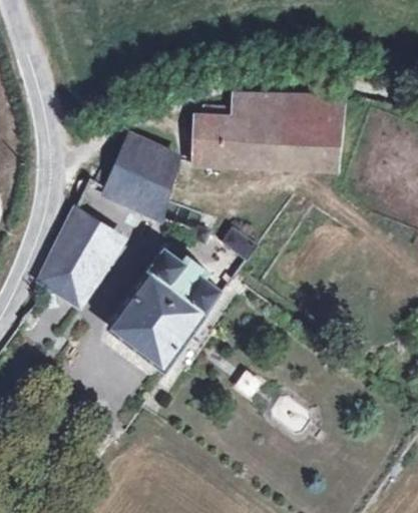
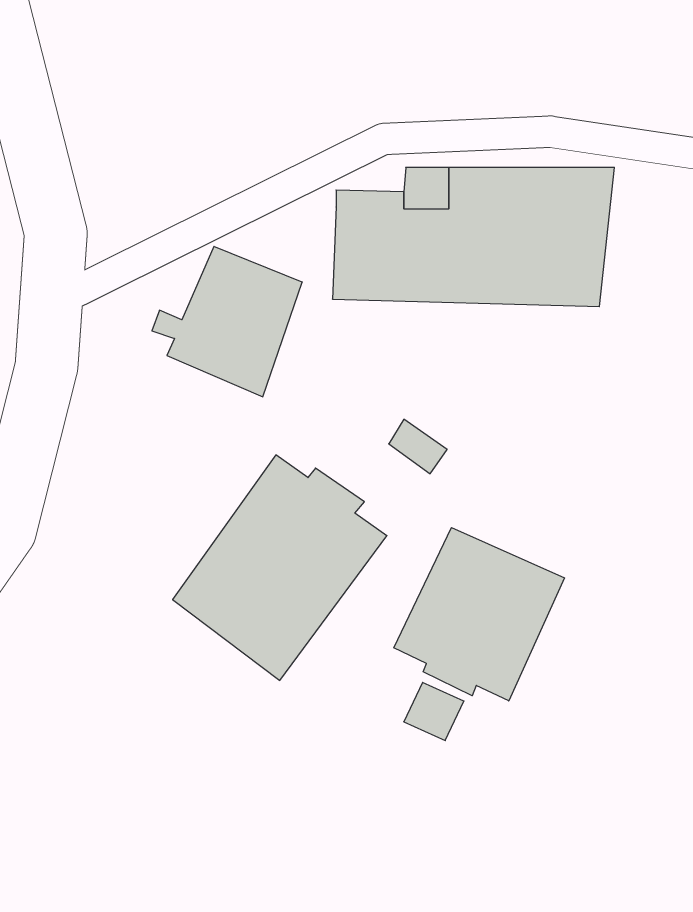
building: [37,211,120,308] -> none
building: none -> [394,528,565,701]

